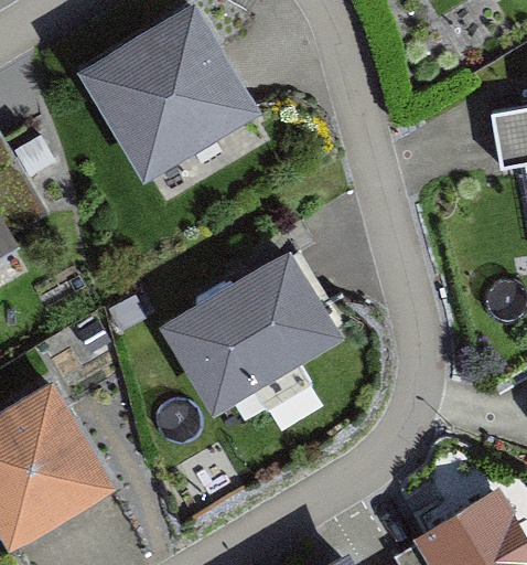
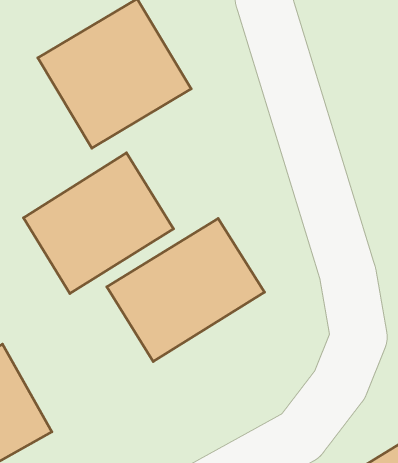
building: none -> [24,153,174,293]

